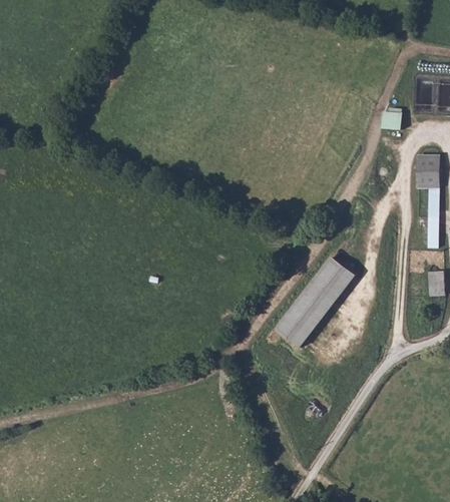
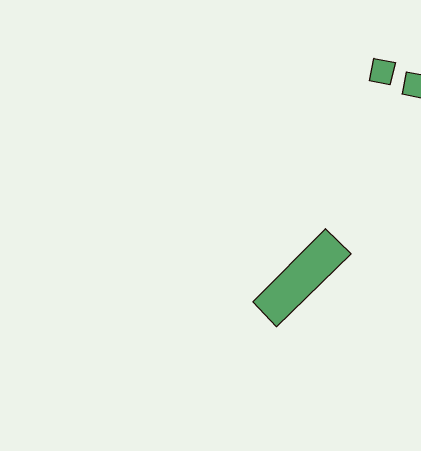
building: none -> [370,58,395,85]

